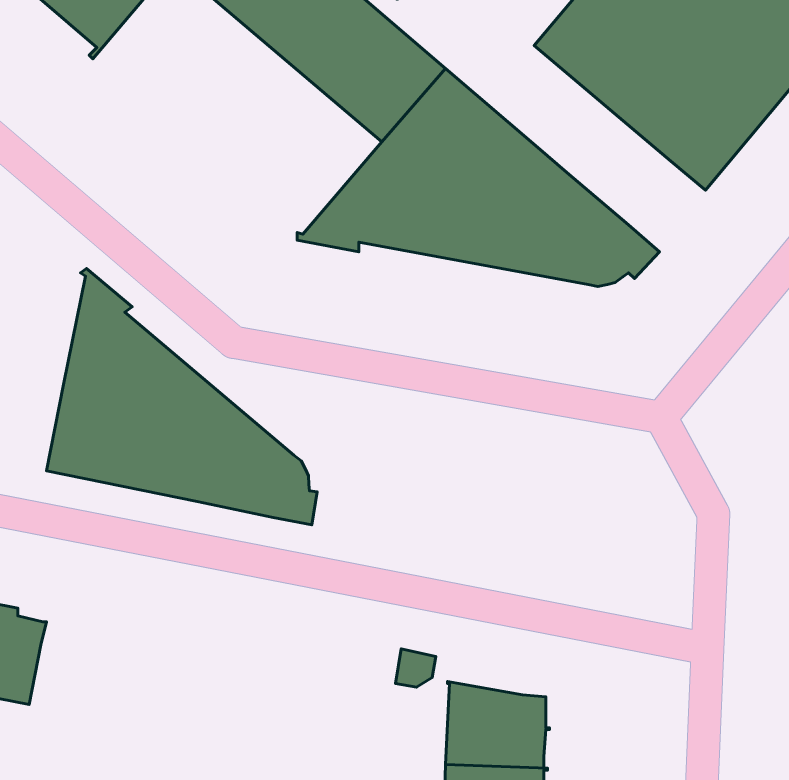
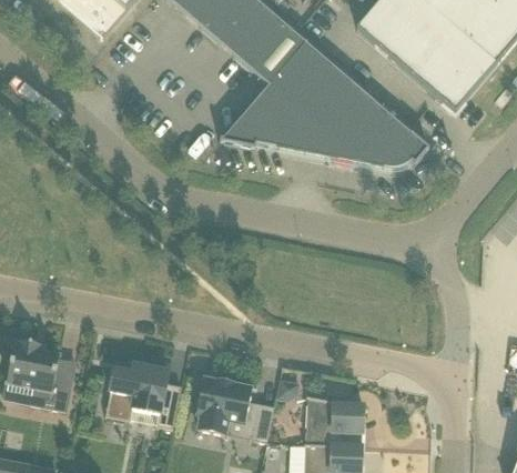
building: [47,269,317,525] -> none
building: none -> [110,358,181,427]
building: none -> [196,376,274,440]

